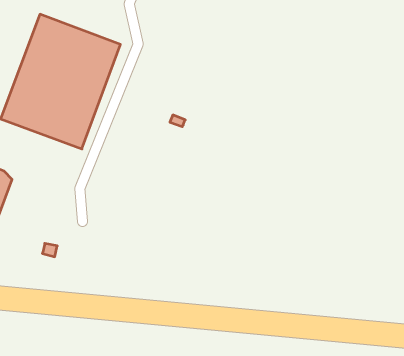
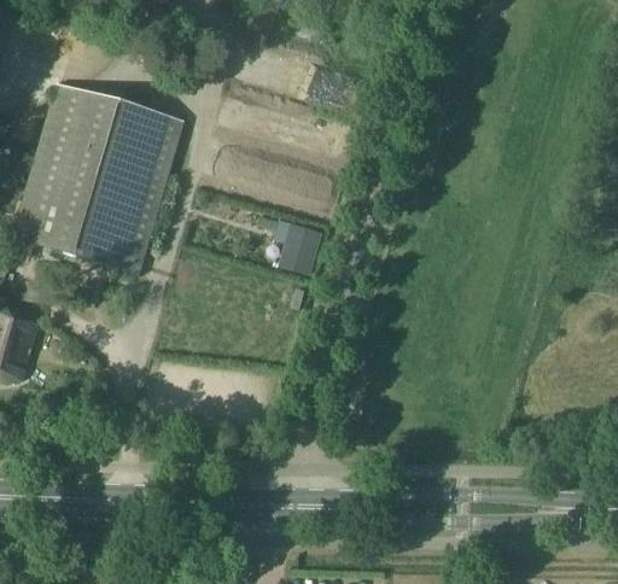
building: none -> [281,224,322,273]

